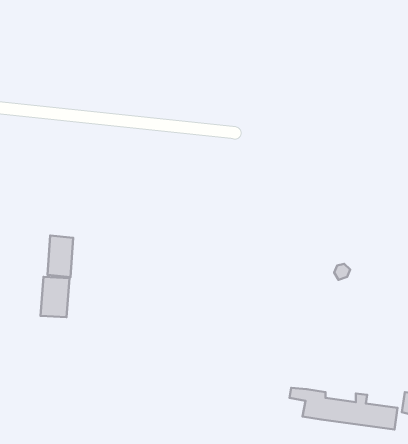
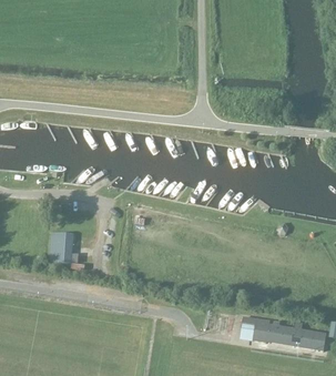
building: [47,236,73,277] -> none

